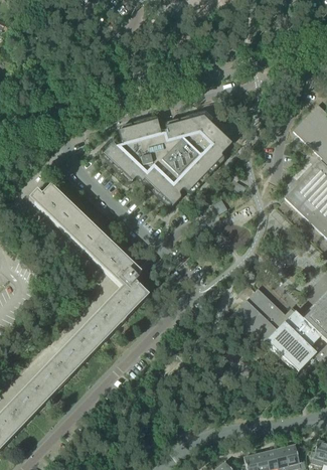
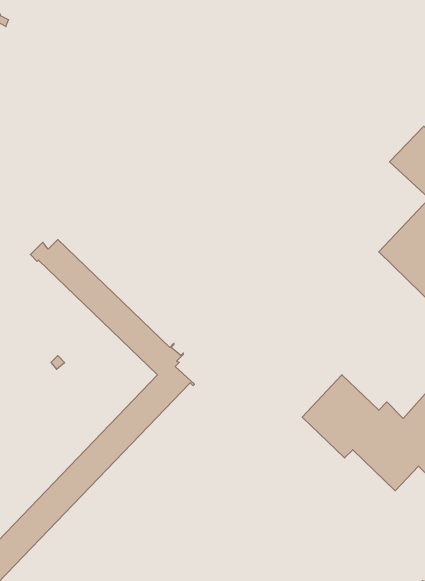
building: [103,111,232,205] -> none

